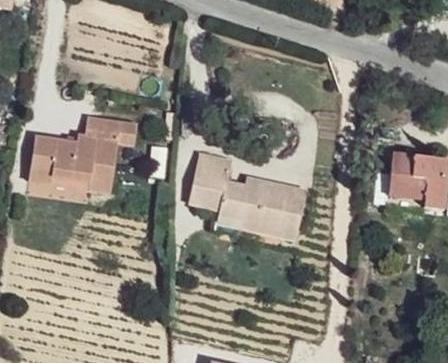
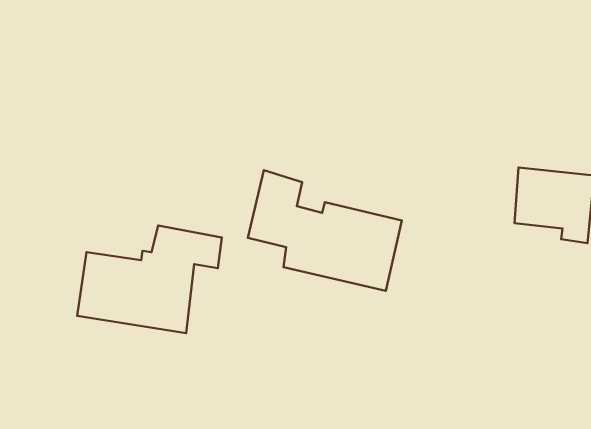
building: [27,116,136,197] -> [77,226,222,333]

